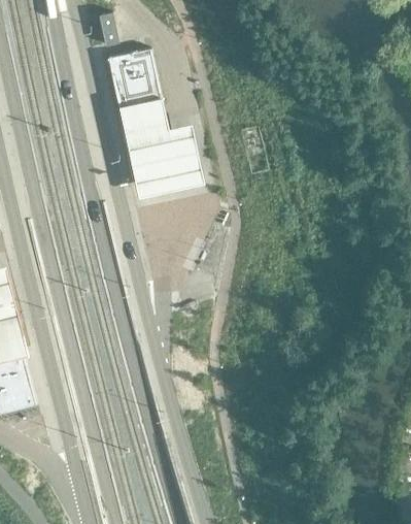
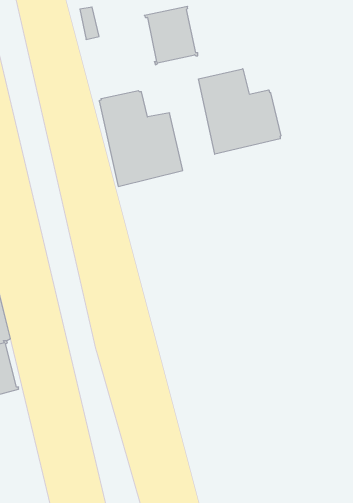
building: [107,52,162,111] -> [144,6,198,65]
building: none -> [199,69,281,154]

